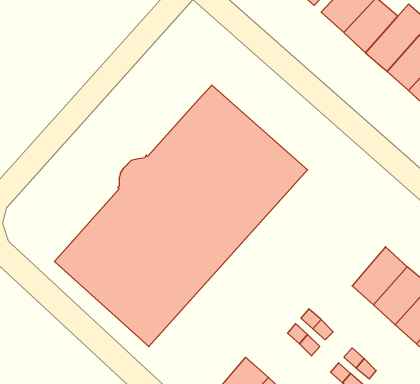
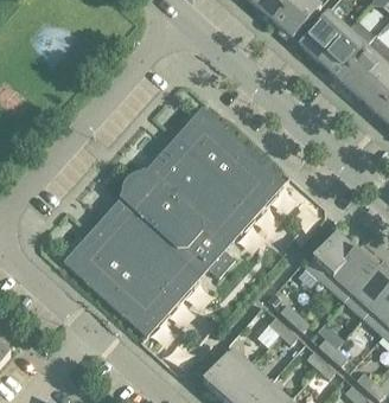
building: none -> [305,231,355,283]

